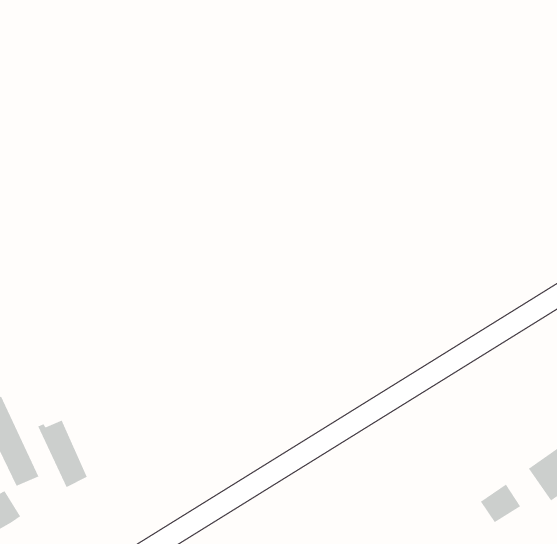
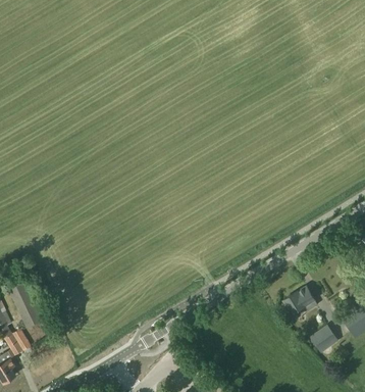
building: [37,419,88,488] -> none
building: none -> [283,288,317,314]

